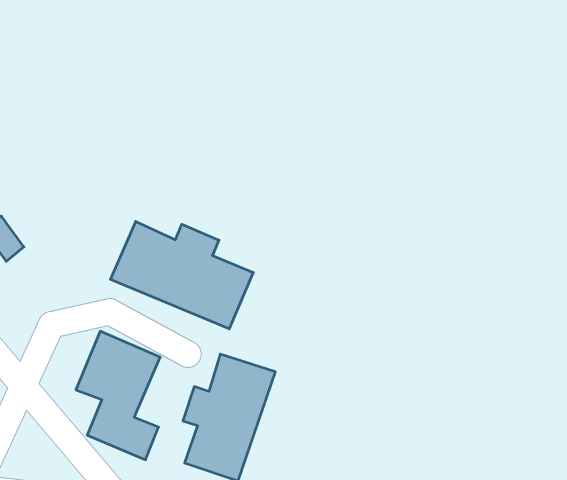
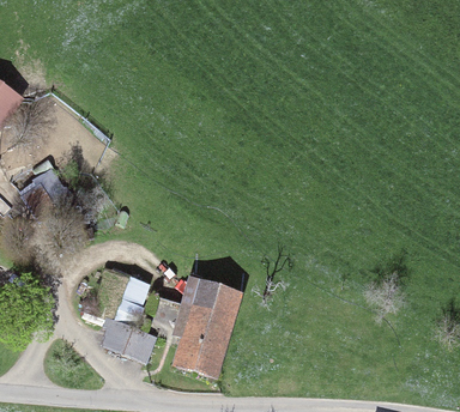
building: [110,221,253,329] -> none

